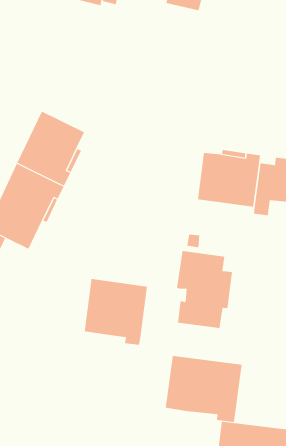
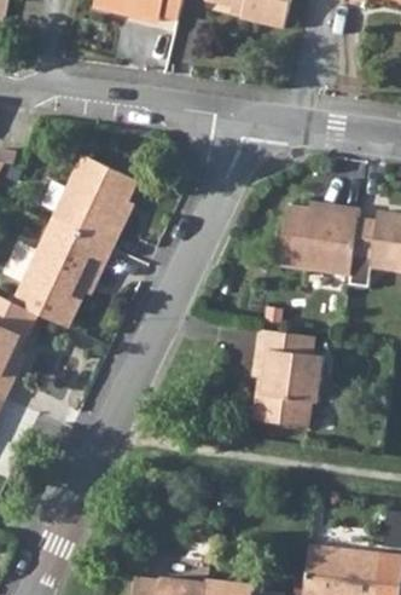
building: [84,278,148,345] -> none
building: [165,355,242,423] -> none

